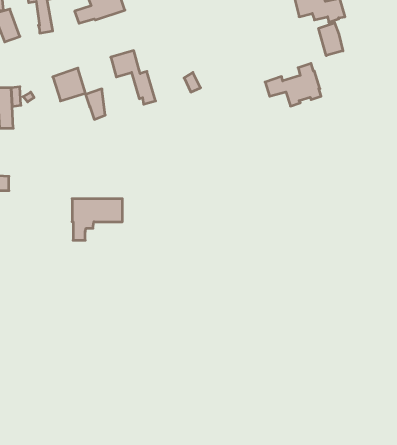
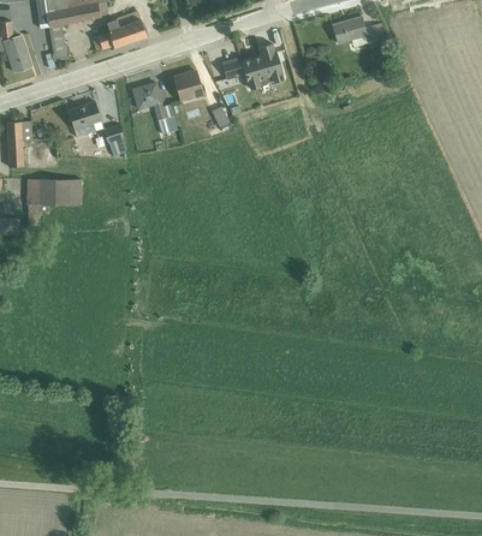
building: [319,23,343,56] -> none
building: none -> [173,71,206,101]
building: [265,63,321,106] -> [222,42,284,89]
building: [72,199,122,240] -> [26,179,82,225]

